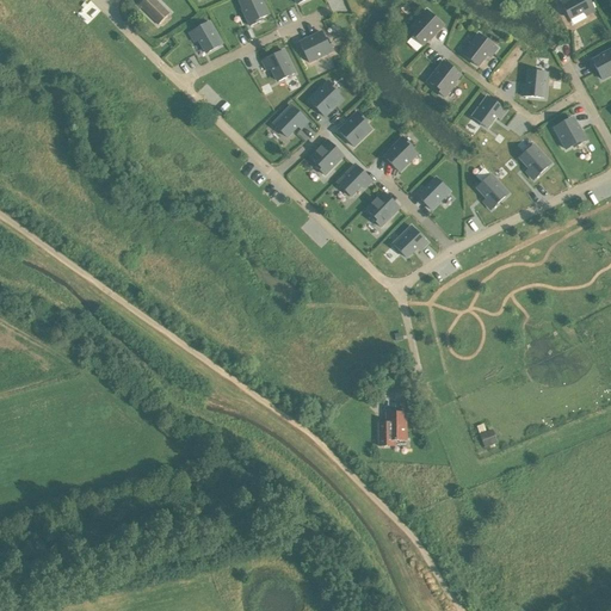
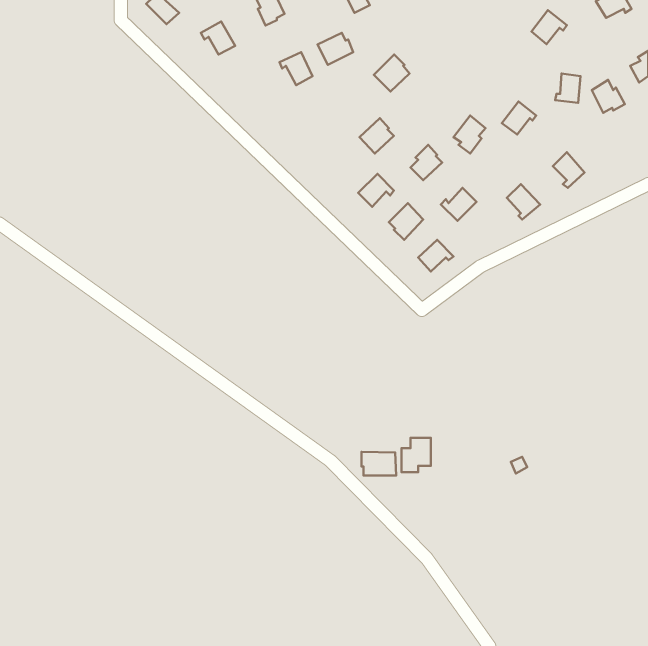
building: [415,12,444,45] -> none
building: [465,35,499,67] -> [531,10,567,44]
building: [431,62,461,98] -> [454,116,485,154]
building: [308,80,341,115] -> [374,55,409,91]
building: [272,104,307,135] -> none
building: [554,117,585,148] -> [592,80,625,113]
building: [309,140,342,173] -> none
building: none -> [361,452,396,475]

